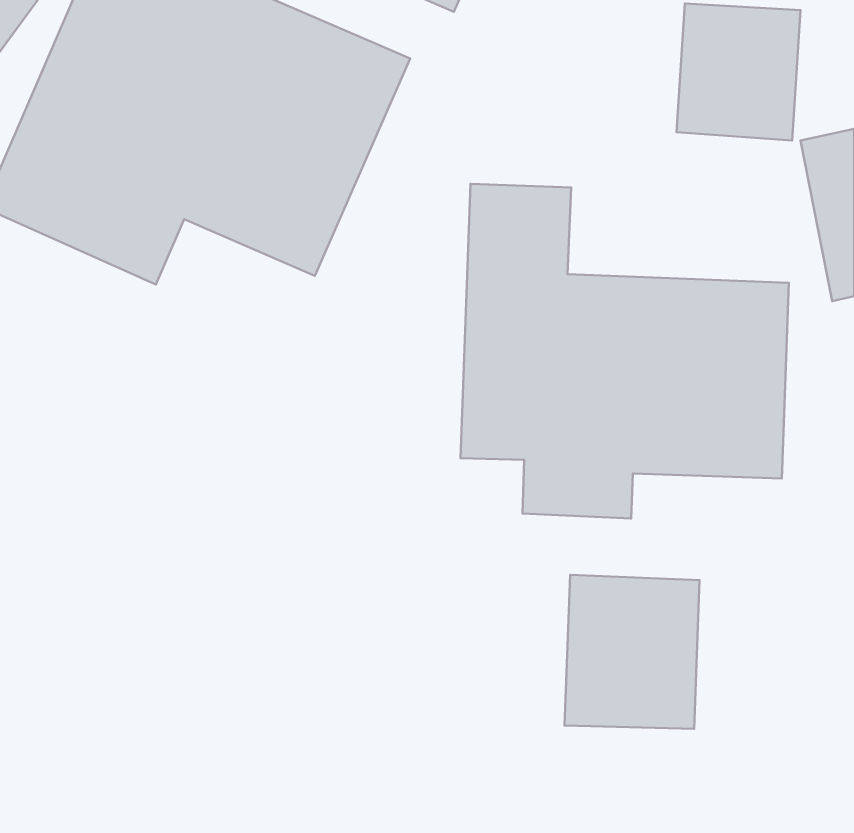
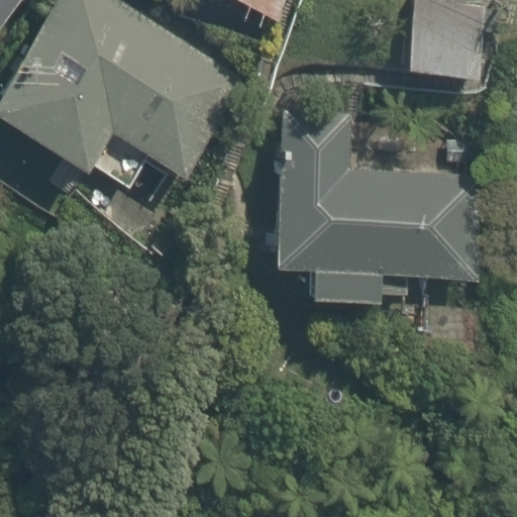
building: [565,575,699,729] -> none

